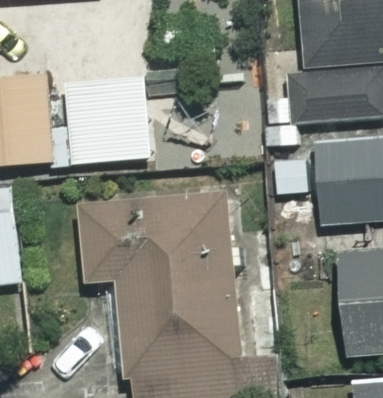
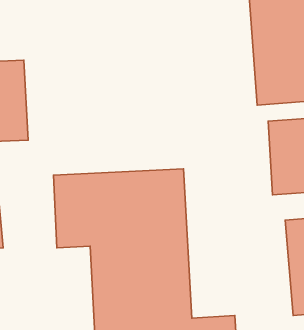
building: [67,78,149,162] -> none

